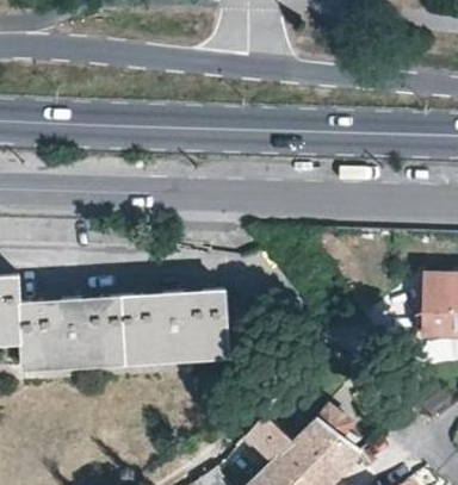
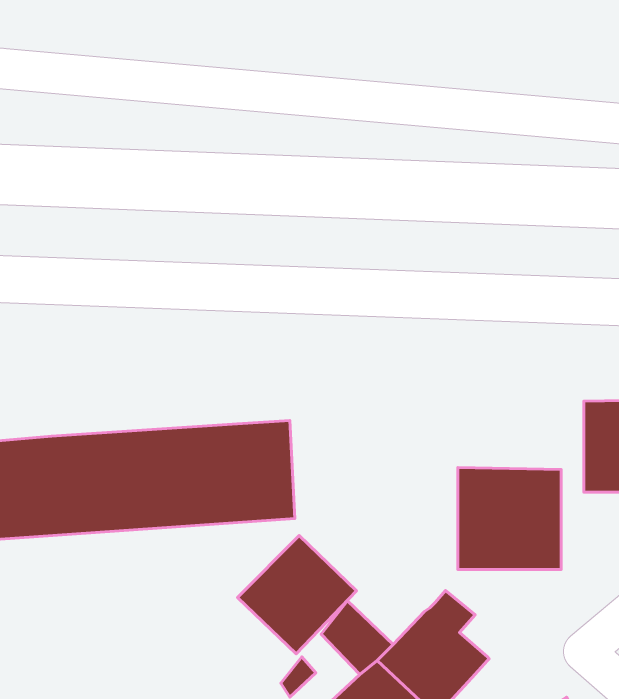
building: none -> [458,468,561,569]
building: none -> [238,536,357,654]

